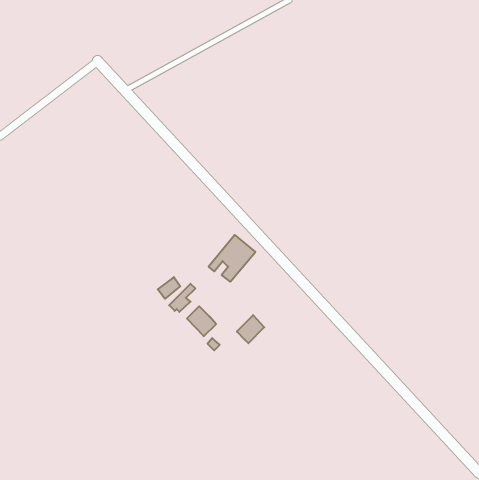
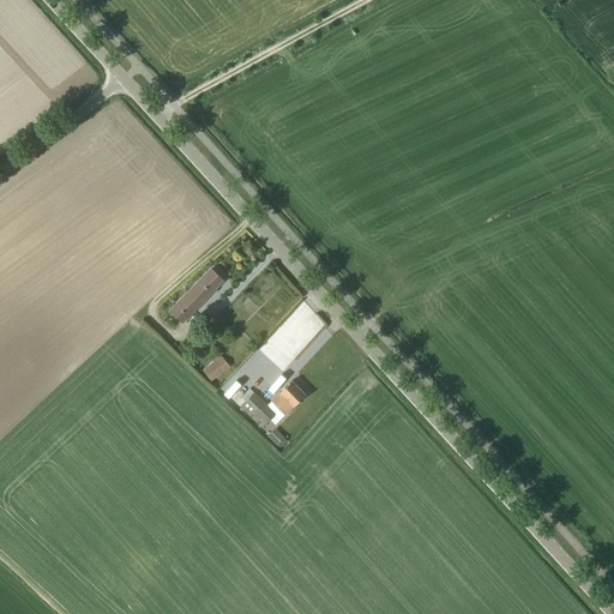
building: none -> [170,267,225,323]
building: [237,315,264,343] -> [272,379,307,415]

